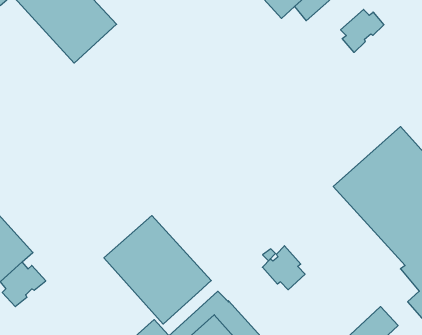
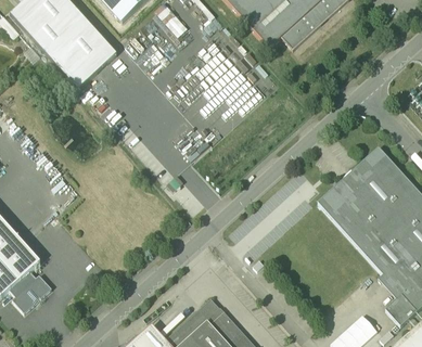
building: [341,9,384,52] -> none
building: [104,216,211,324] -> none
building: [262,246,305,290] -> none

